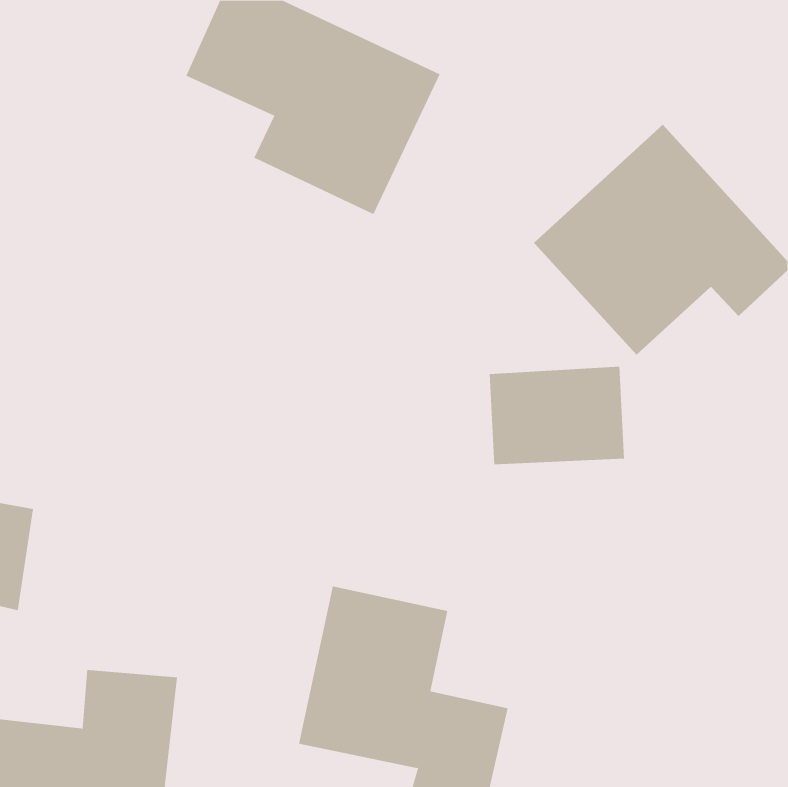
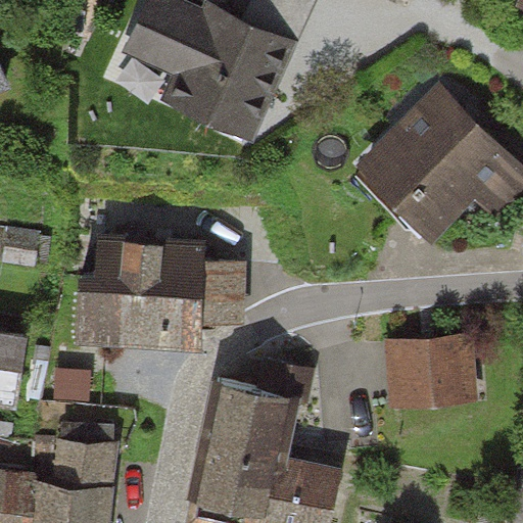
building: none -> [81,240,238,342]
building: [489,366,625,465] -> [385,337,475,402]

